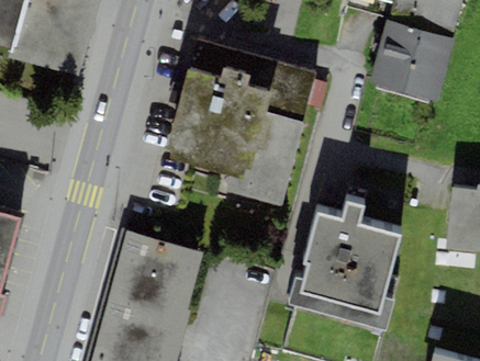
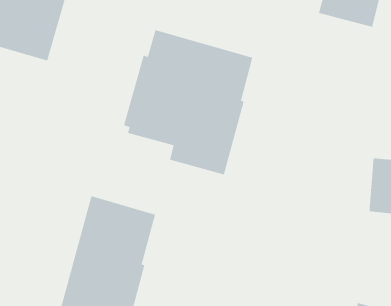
building: [369,19,455,101] -> none
building: [288,202,401,329] -> none

